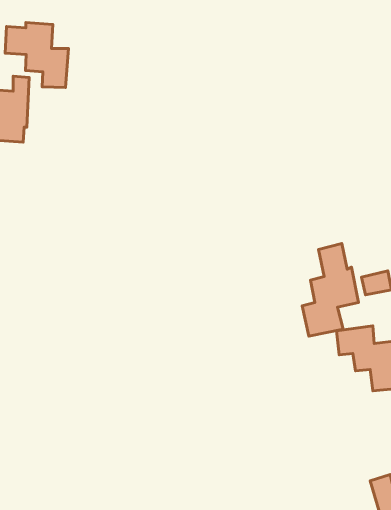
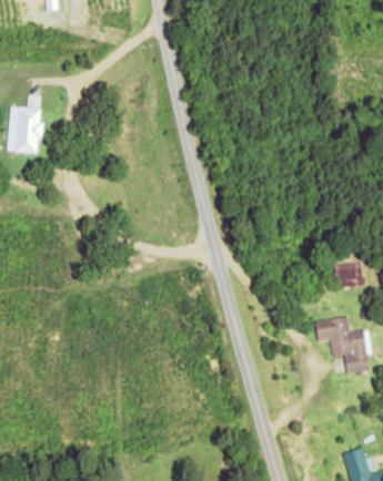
building: [5,22,69,88] -> none
building: [302,244,359,336] -> none

